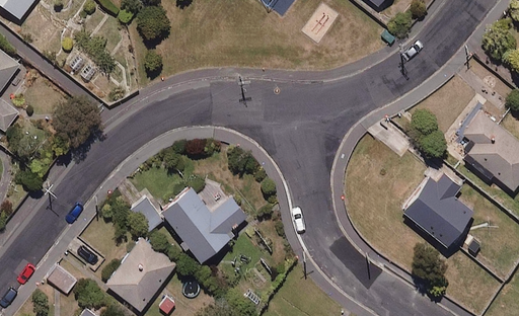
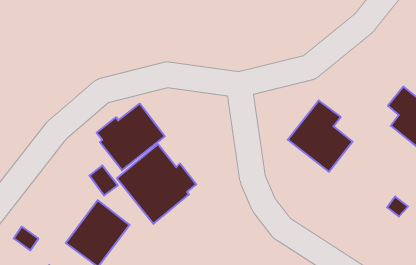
building: none -> [97,104,165,170]
building: [403,169,475,248] -> [288,100,353,172]

